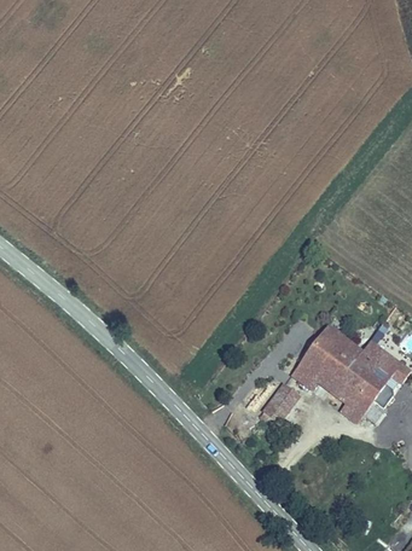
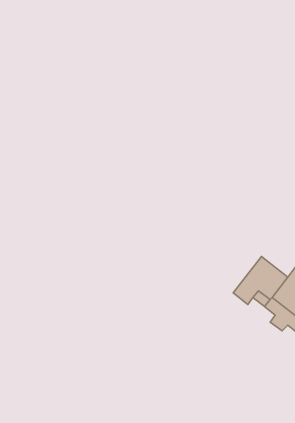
building: [263,385,296,422] -> none

